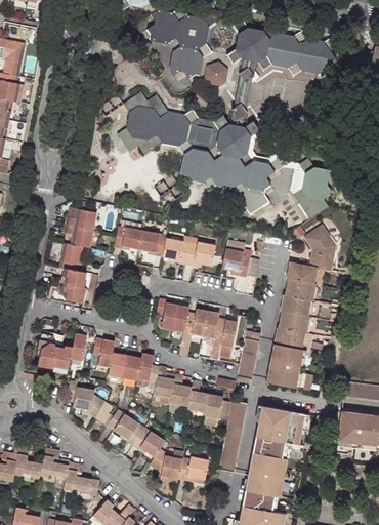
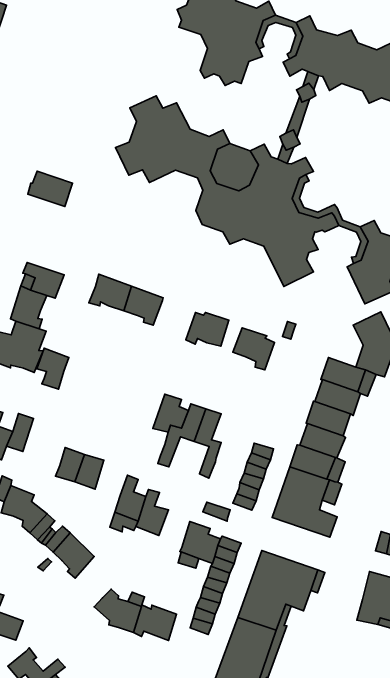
building: [205,62,227,86] -> none
building: [66,207,96,230] -> [28,171,73,207]
building: [162,238,191,264] -> none
building: [157,298,177,330] -> none
building: [215,318,237,358] -> none
building: [92,338,114,366] -> [37,348,69,389]
building: [137,354,159,381] -> none
building: [187,380,208,412] -> none
building: [132,428,164,456] -> none

